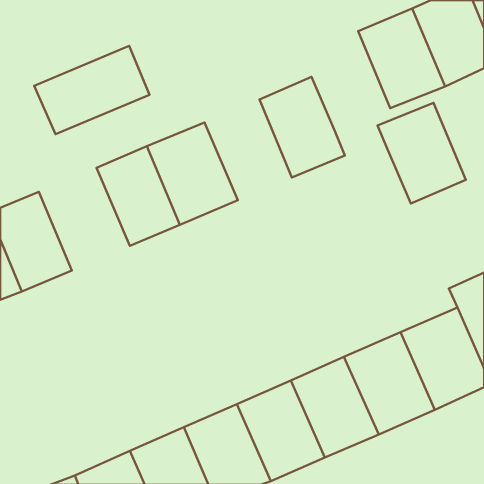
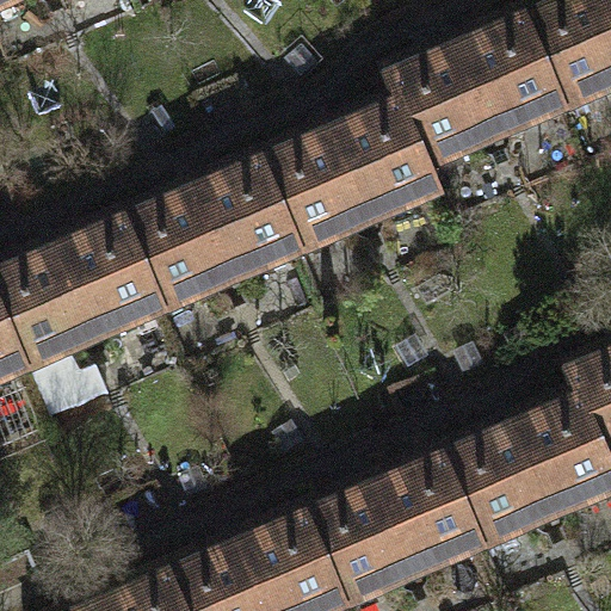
building: [34,46,150,134] -> none
building: none -> [258,126,368,253]
building: [378,103,466,203] -> [381,41,492,167]
building: none -> [49,212,163,341]

